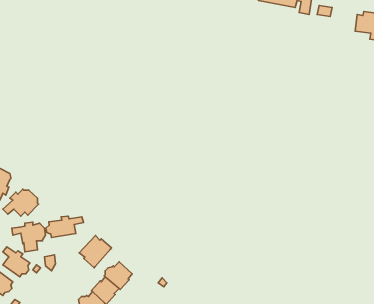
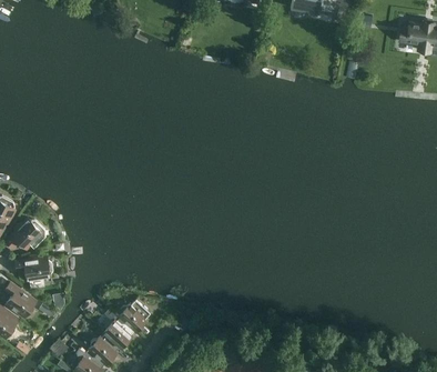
building: [46,216,83,237] -> none
building: [79,235,111,268] -> none

